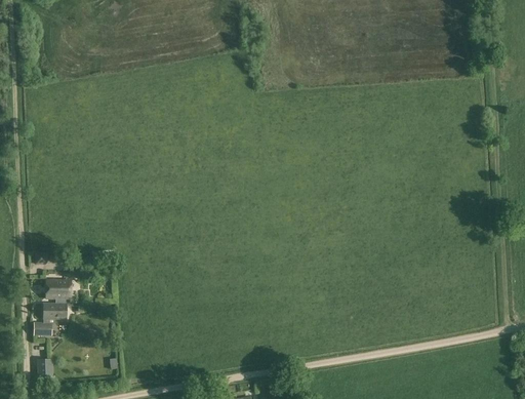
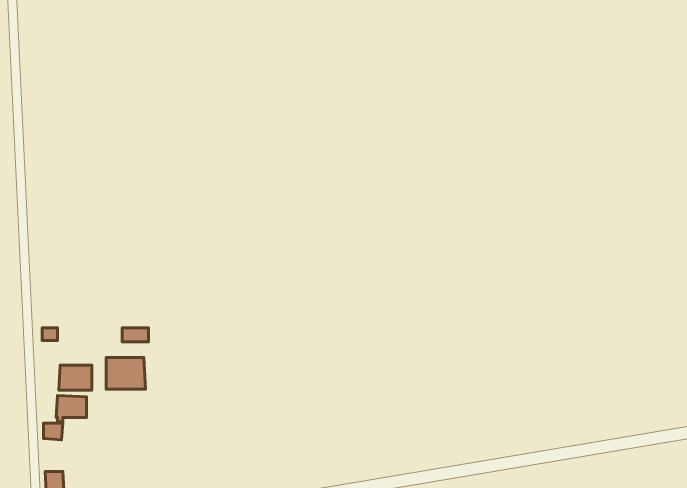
building: none -> [106,358,146,389]

